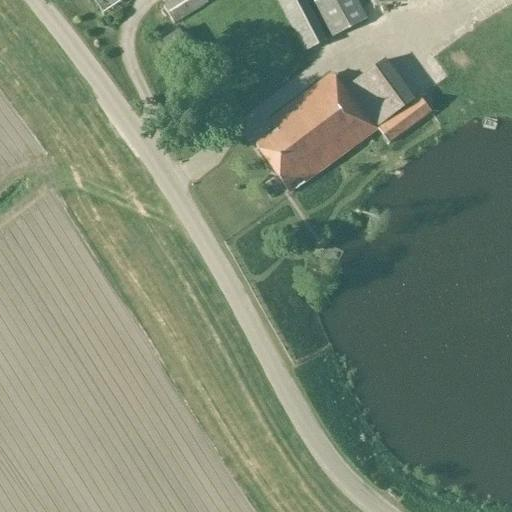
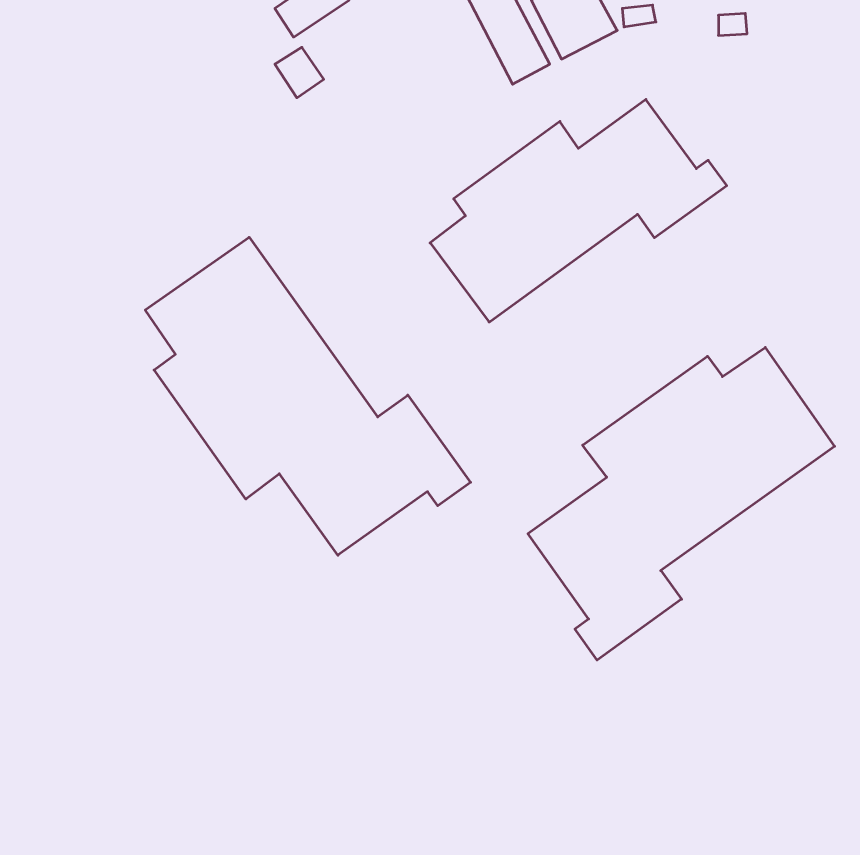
building: none -> [145,237,471,555]
building: none -> [528,347,835,660]

